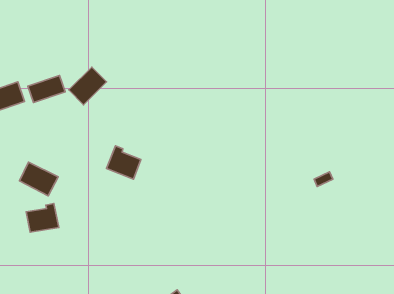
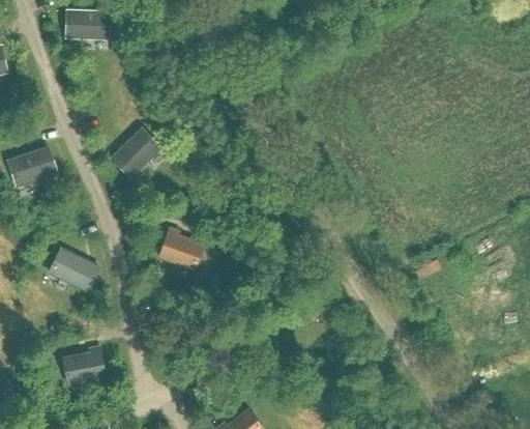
building: [28,75,65,103] -> none
building: [26,204,59,232] -> [63,347,105,383]

